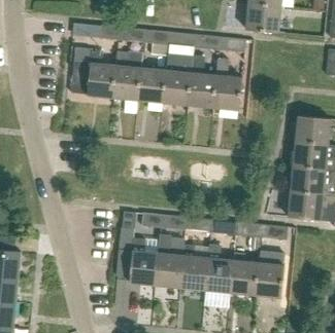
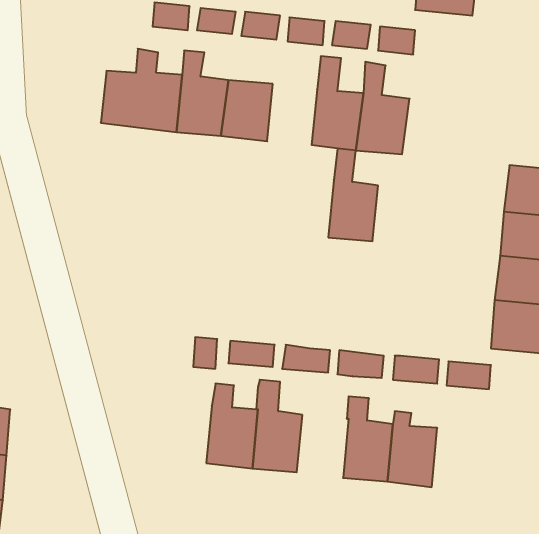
building: [163,52,191,104] -> [328,149,378,241]
building: [179,244,208,289] -> none
building: [255,261,283,296] -> none

